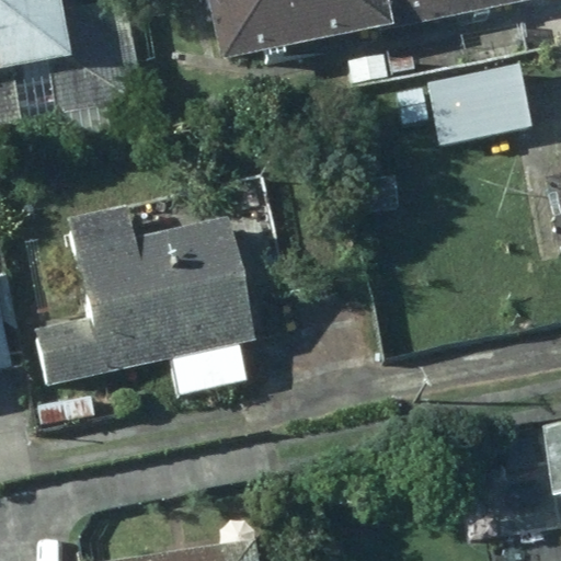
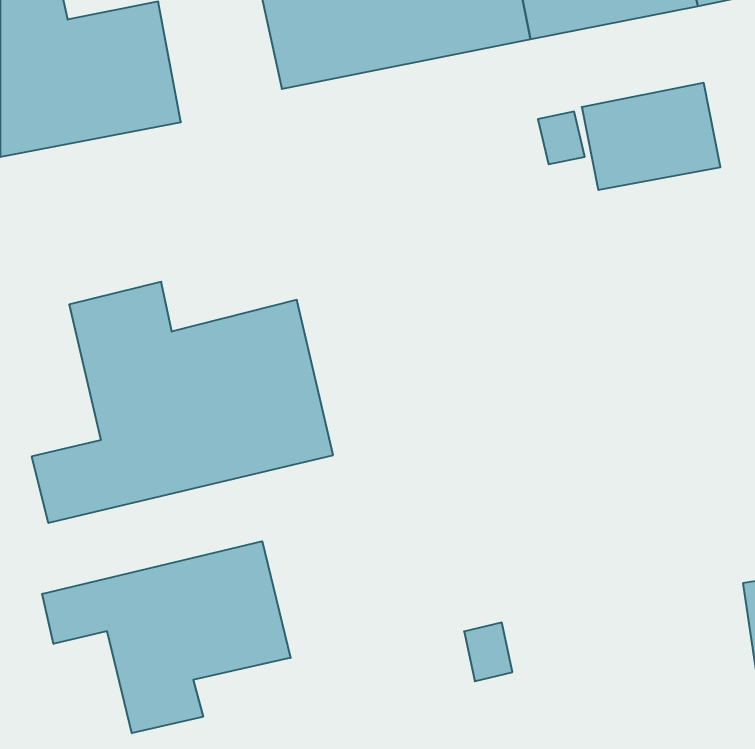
building: none -> [42,541,291,733]

